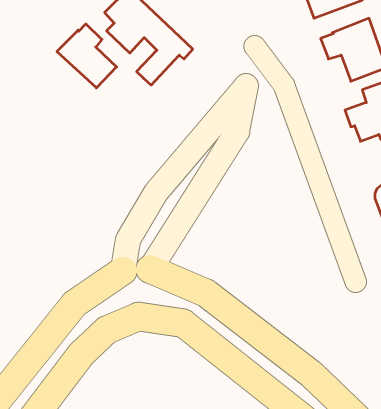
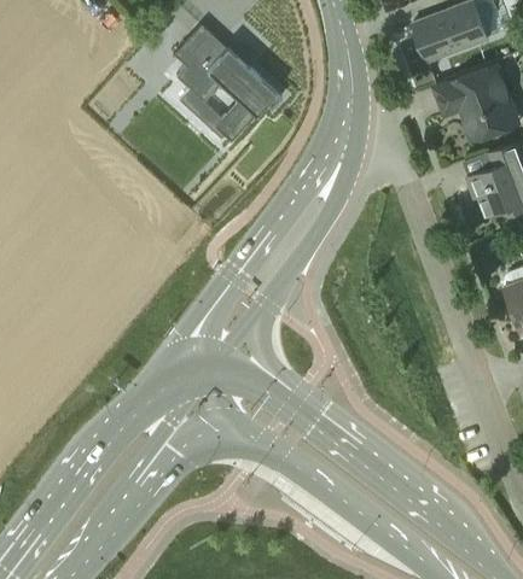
building: [57,24,117,88] -> none

